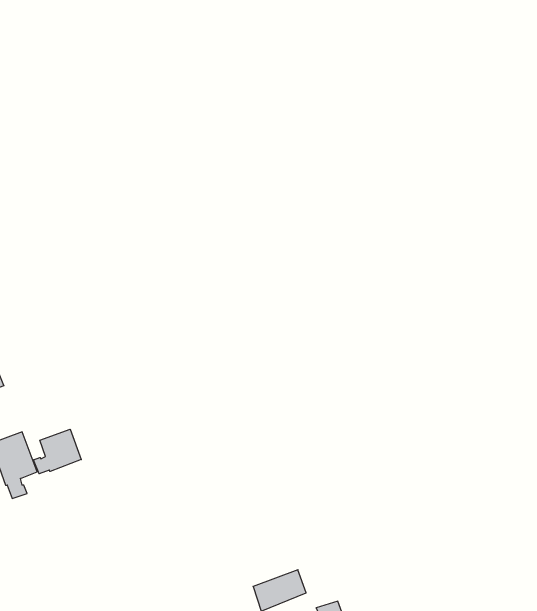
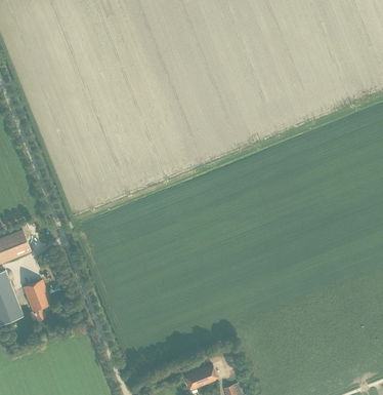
building: [34,429,81,474] -> none

